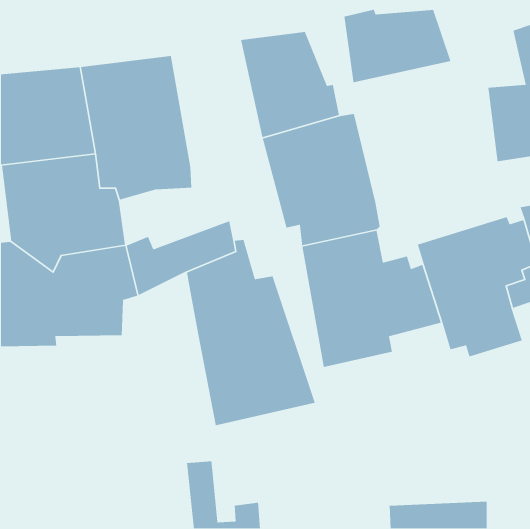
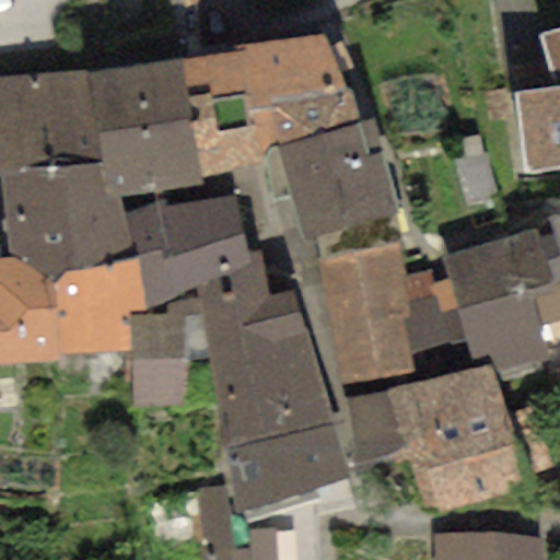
building: [344,9,452,83] -> none
building: none -> [182,42,277,176]
building: none -> [127,196,243,261]
building: none -> [130,299,209,406]
building: none -> [346,364,529,513]
building: none -> [228,424,348,511]

